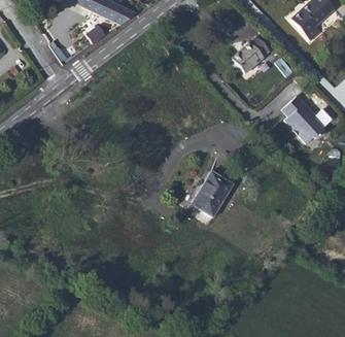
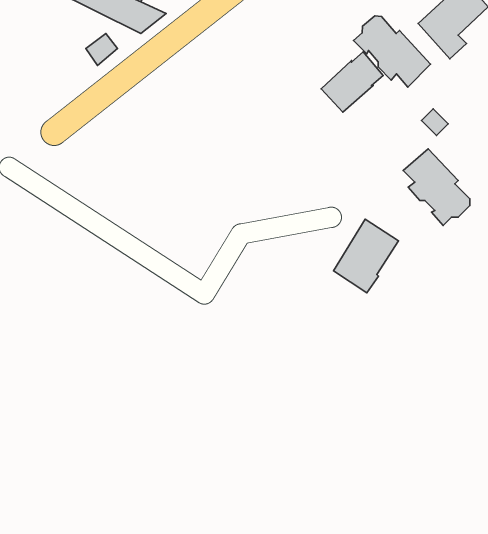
building: none -> [354,16,431,87]
building: [193,171,233,216] -> [333,219,398,293]

